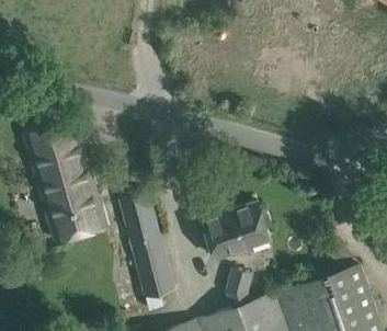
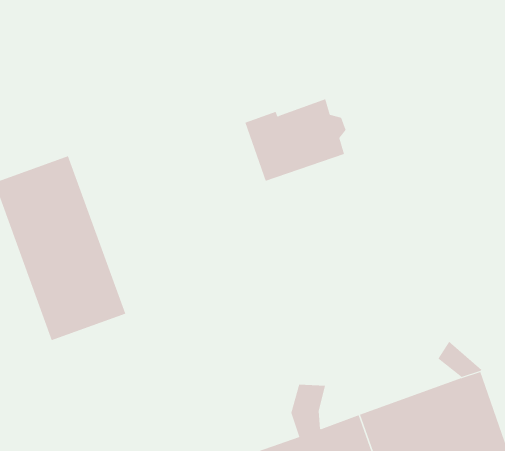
building: [119,193,175,298] -> none
building: [202,204,272,261] -> [244,98,347,181]

